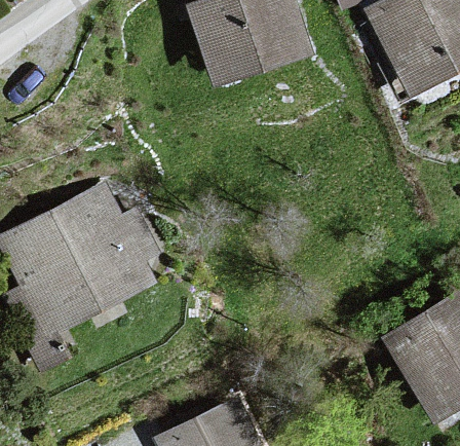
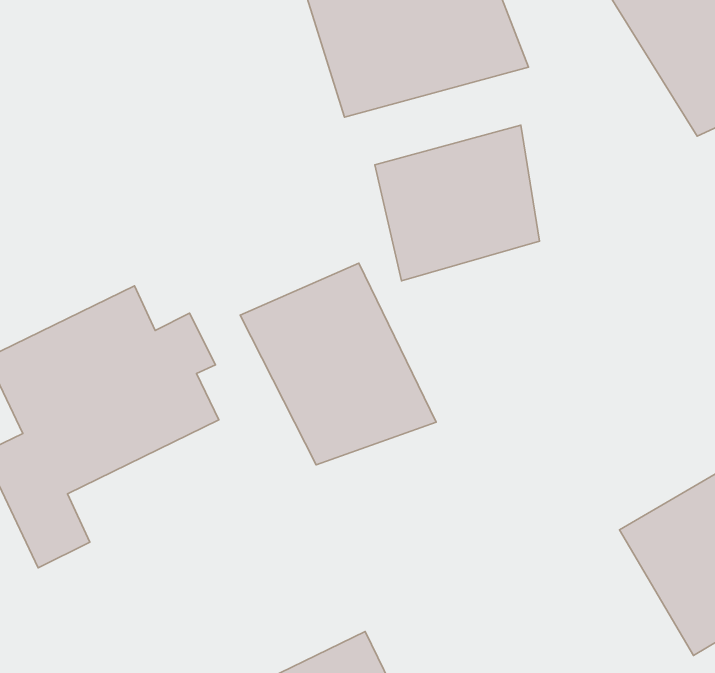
building: none -> [375,125,539,281]
building: none -> [240,263,436,465]

